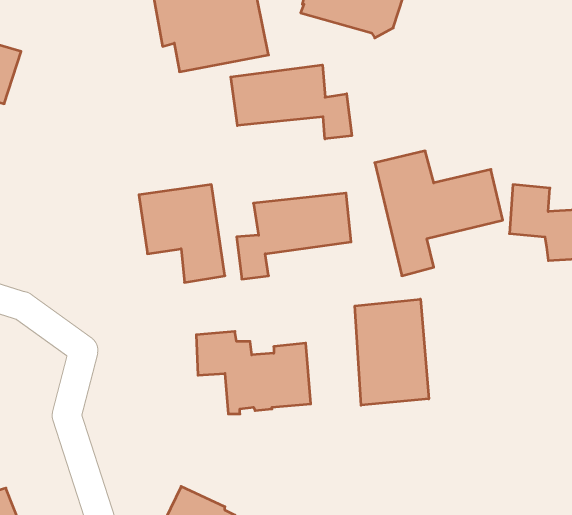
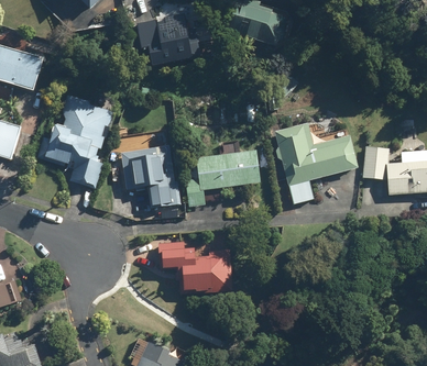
building: [231,65,352,139] -> none
building: none -> [45,93,113,186]
building: [355,299,429,405] -> none

